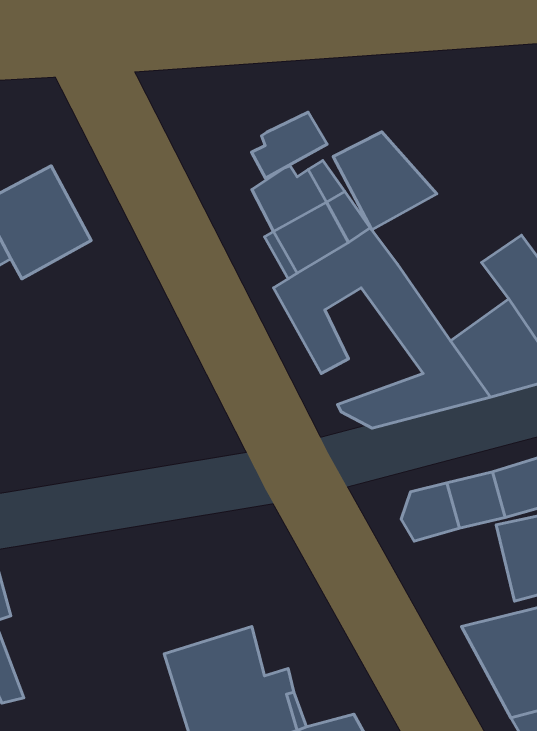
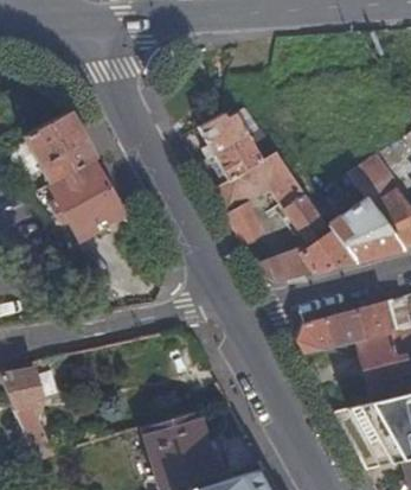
building: [252,112,327,178] -> none
building: [333,132,437,230] -> none
building: none -> [51,159,126,240]

